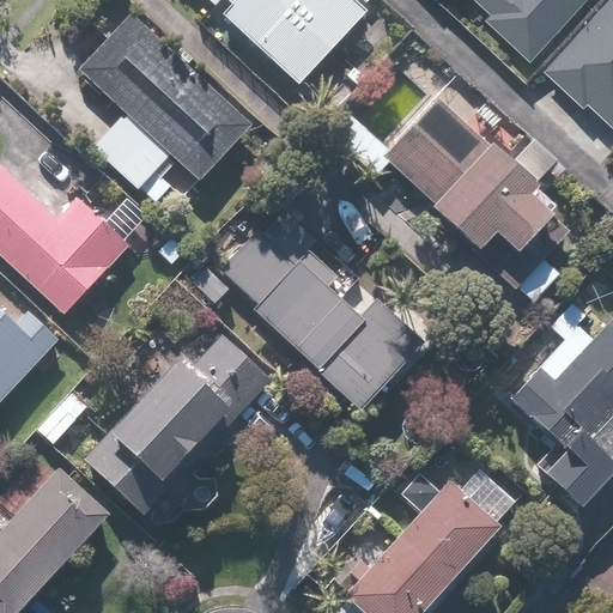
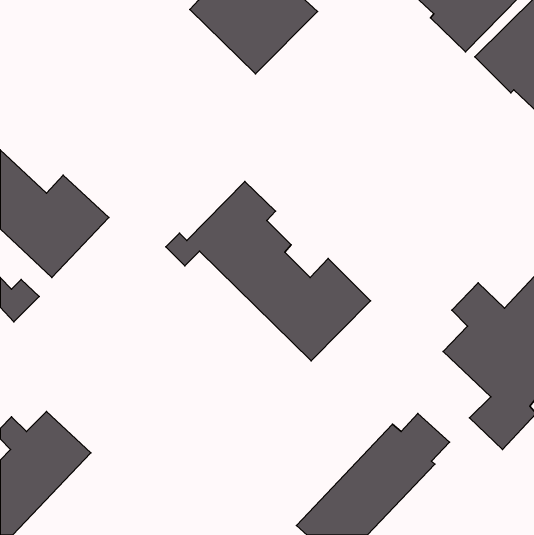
building: [78,12,250,198] -> none
building: [386,98,562,301] -> none
building: [81,334,272,528] -> none

